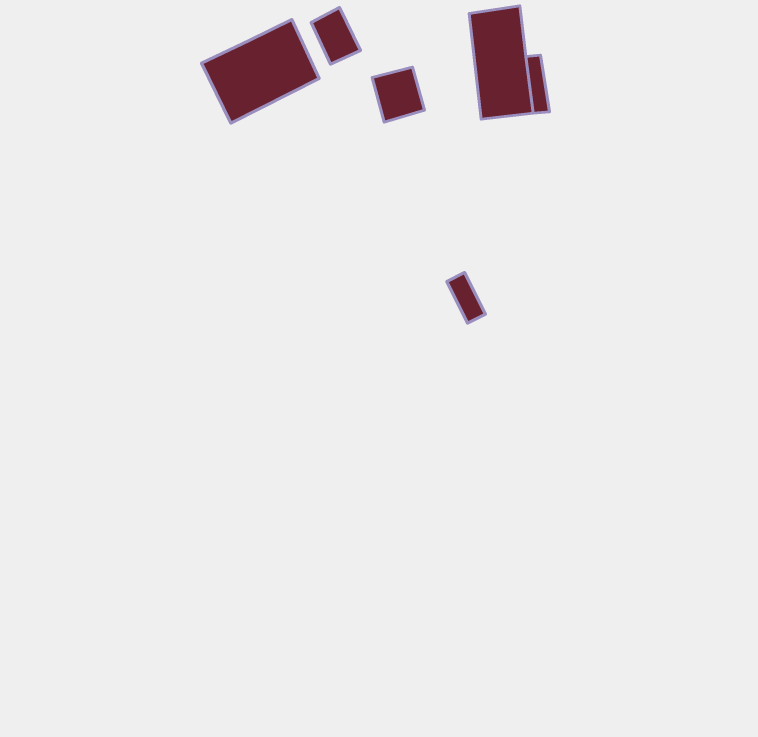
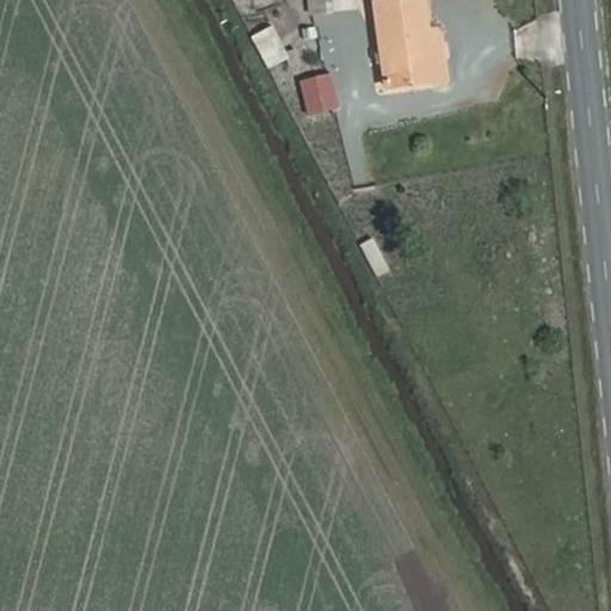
building: [201,20,319,123] -> none

